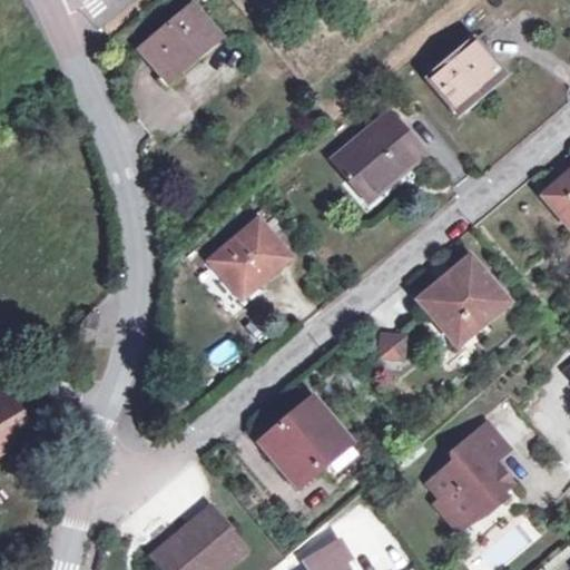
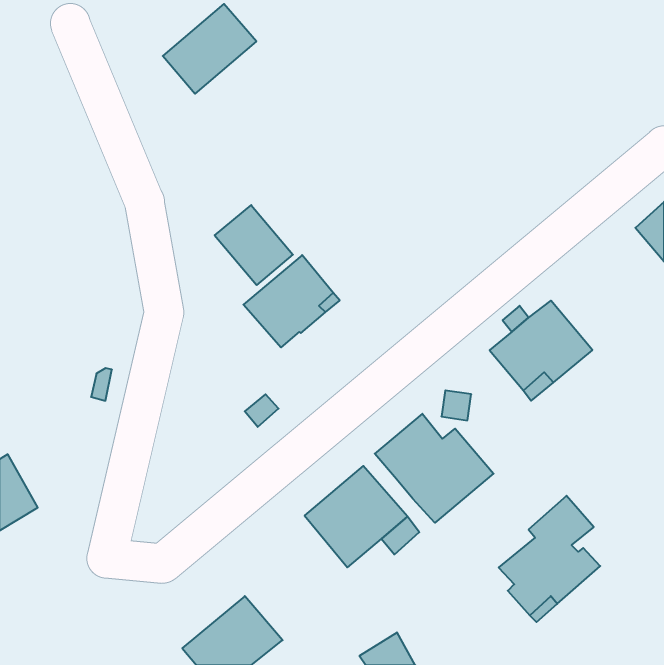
building: [431,39,503,110] -> none
building: [336,116,422,198] -> none
building: none -> [215,205,293,285]
building: none -> [375,414,494,523]

